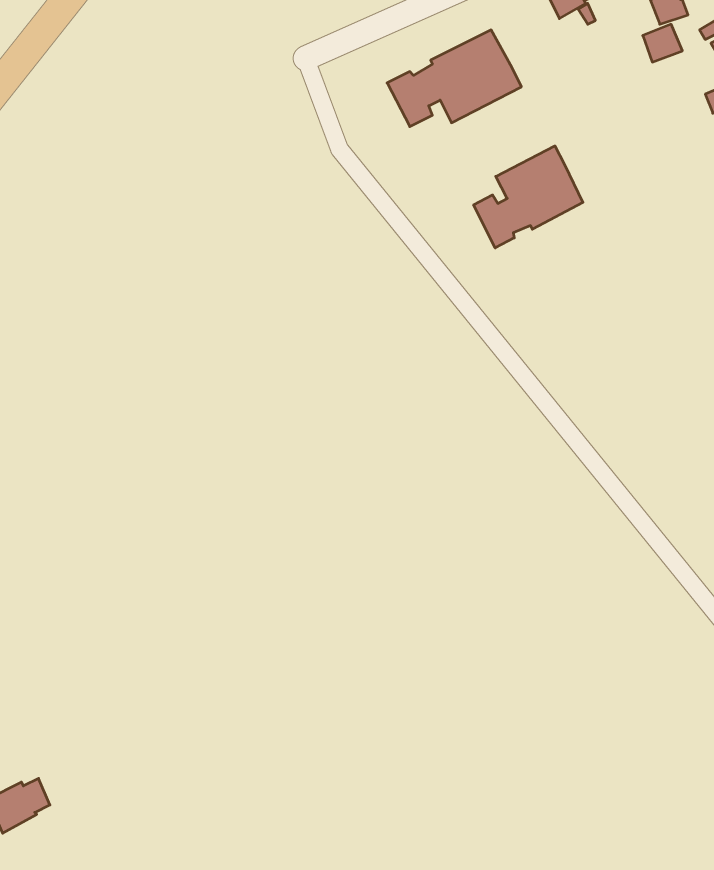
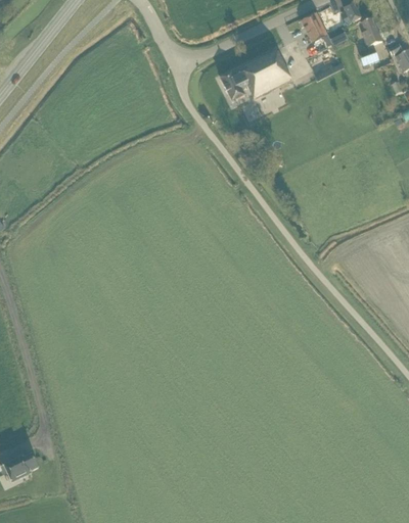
building: [474,146,583,248] -> none

